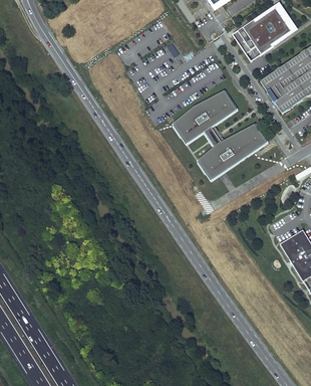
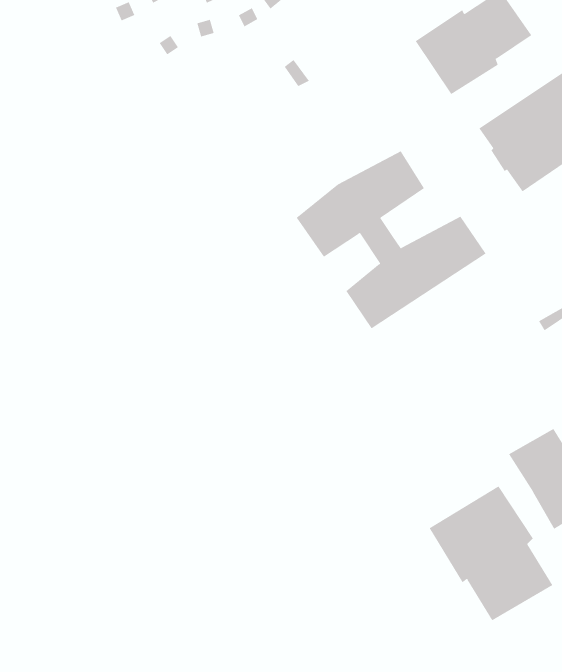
building: none -> [429,485,553,621]

